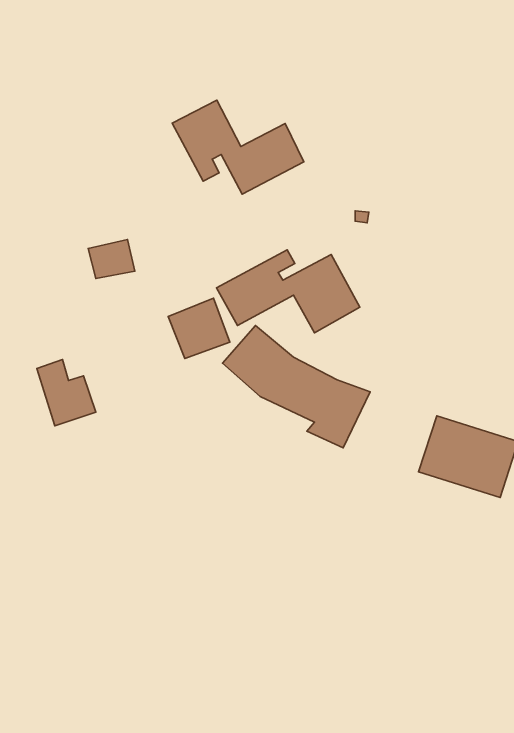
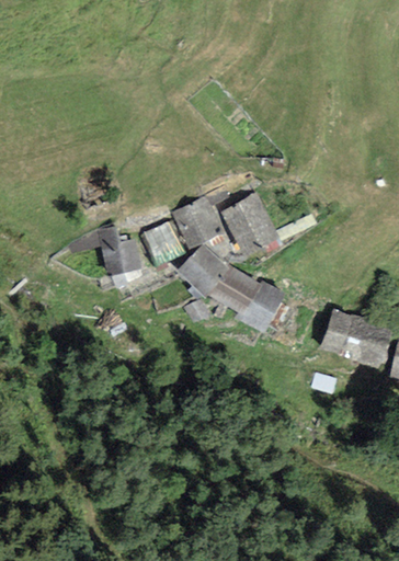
building: [172,100,304,194] -> none
building: [37,359,96,426] -> [98,227,140,275]

